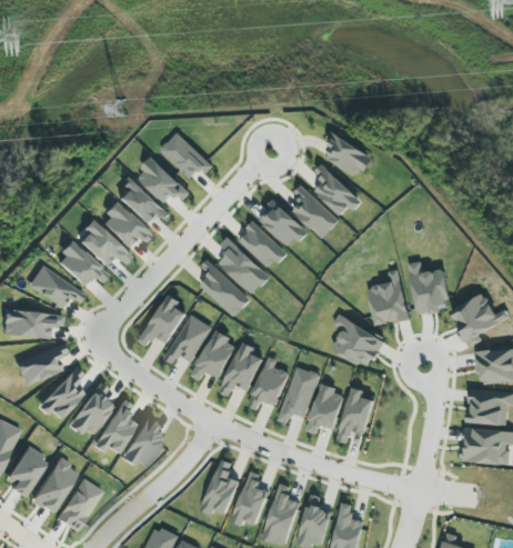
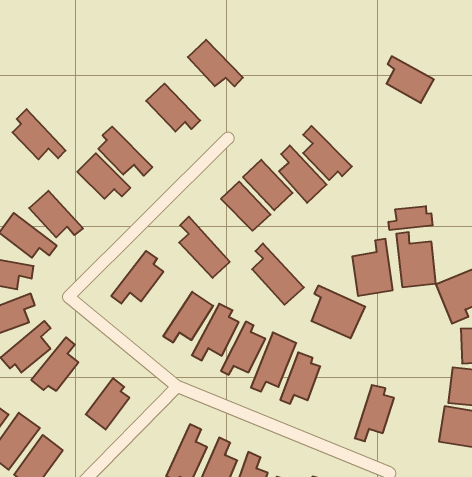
building: [325,133,371,177] -> [386,56,434,103]
building: [135,158,190,202] -> [188,40,243,86]
building: [77,219,129,267] -> [12,109,66,159]
building: none -> [389,206,433,230]
building: [219,237,270,295] -> [252,243,304,305]
building: [163,315,212,365] -> none
building: [338,388,373,442] -> [355,385,394,441]
building: [90,399,134,455] -> none

